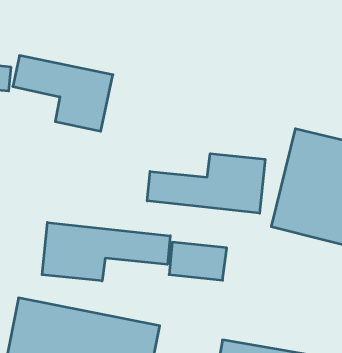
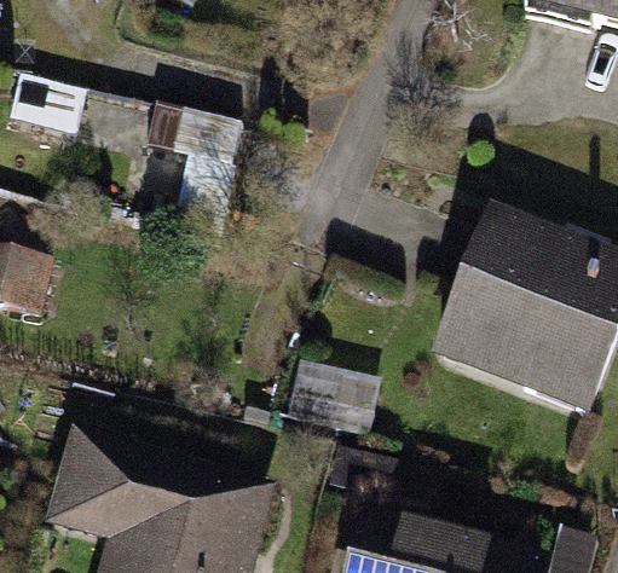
building: [147,154,265,213] -> none
building: [42,222,170,281] -> none

